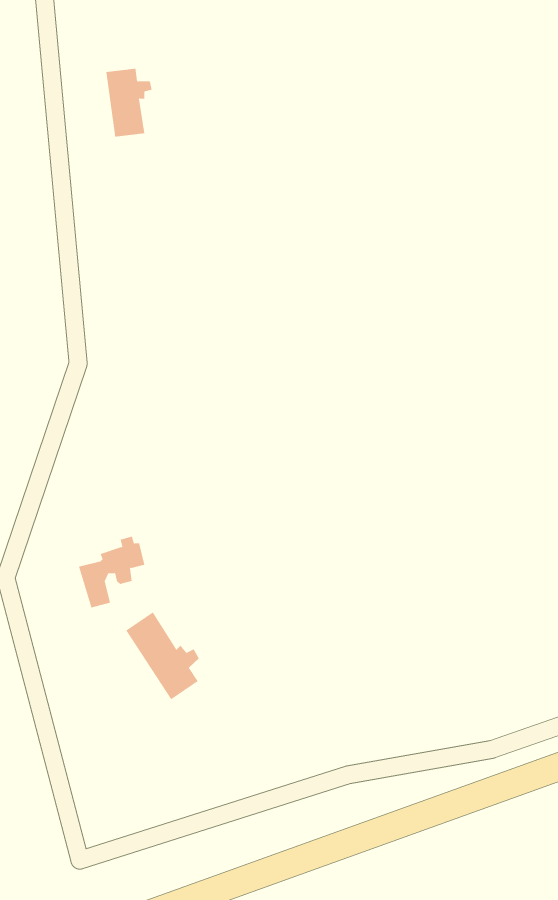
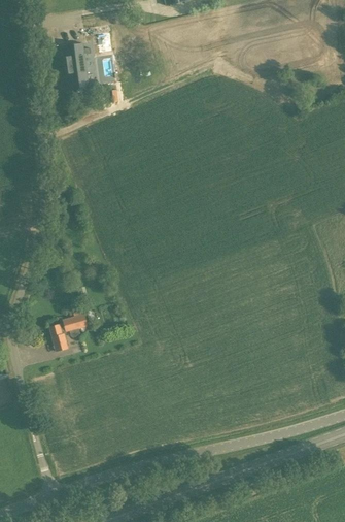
building: [125,612,200,700] -> none

